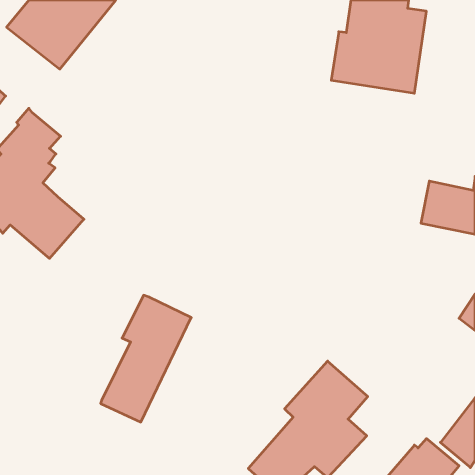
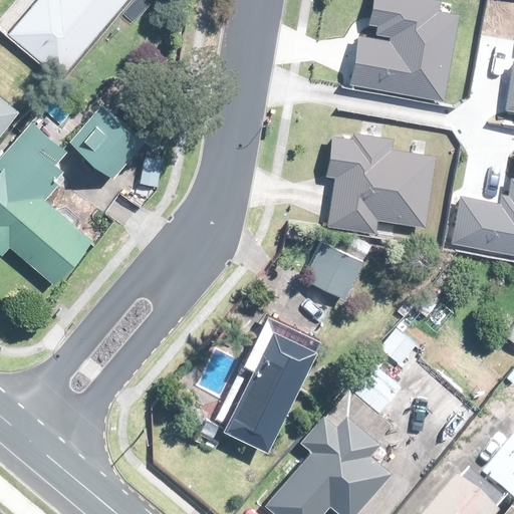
building: none -> [62,103,136,176]
building: none -> [331,138,436,231]
building: none -> [298,240,355,296]
building: [101,295,191,422] -> [222,315,319,452]

